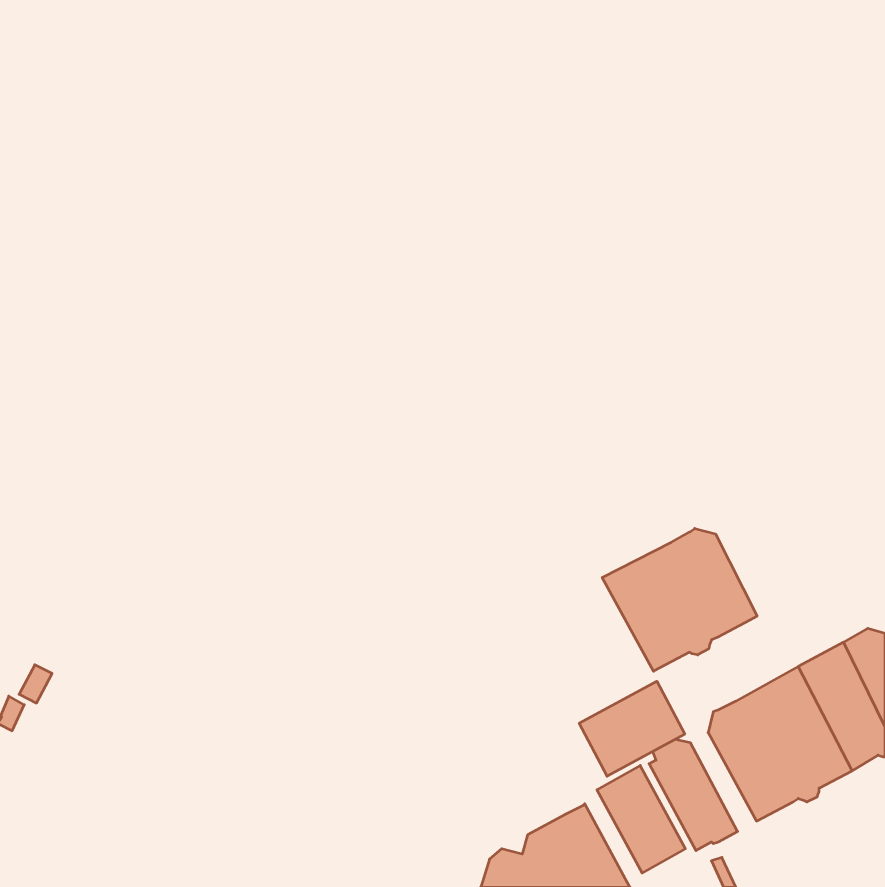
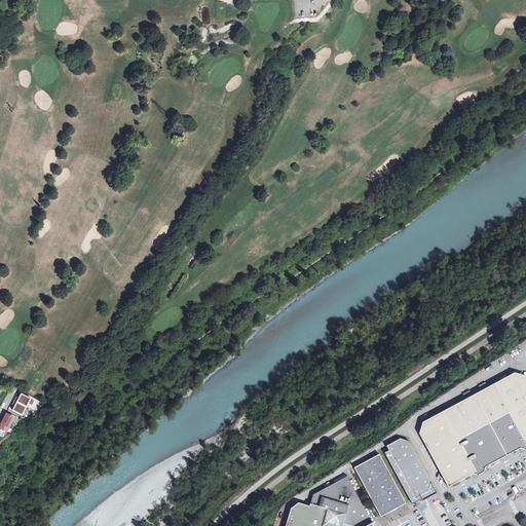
building: [602,528,757,671] -> none
building: [579,681,685,776] -> none

